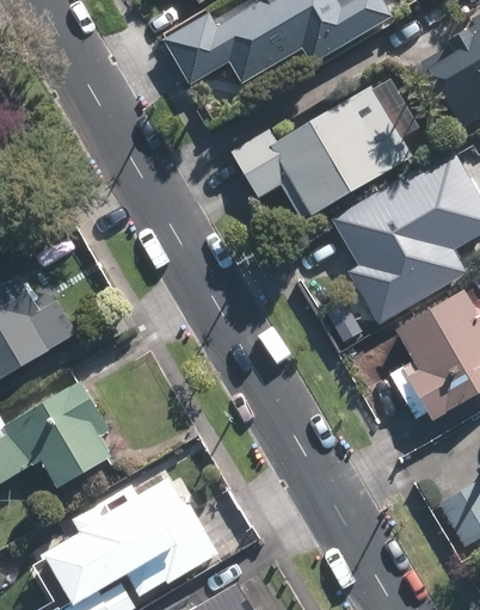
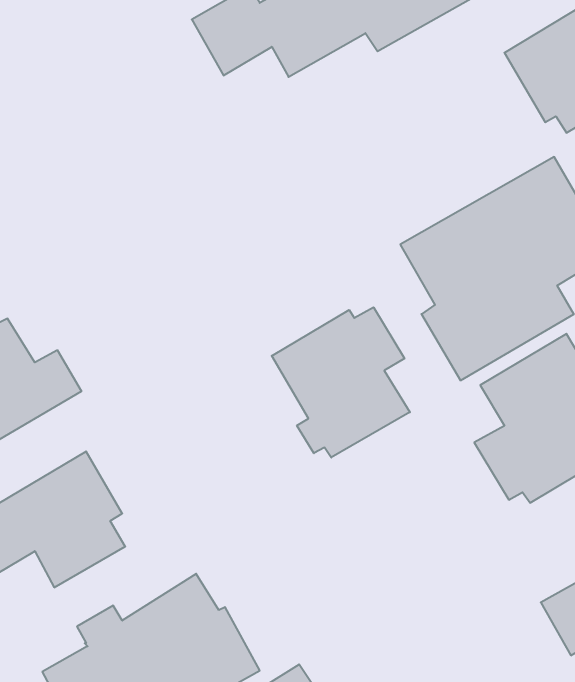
building: [230,86,413,220] -> none
building: none -> [272,307,410,458]

